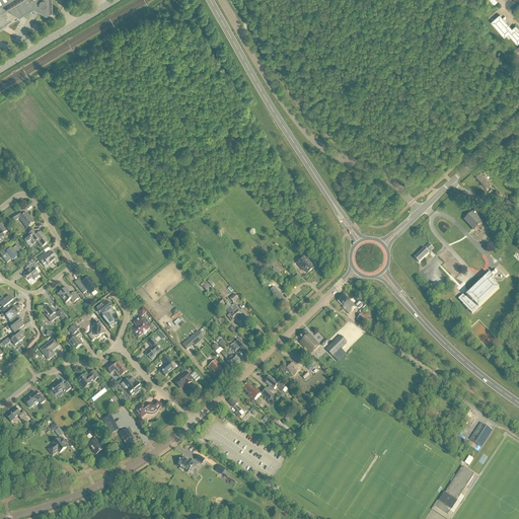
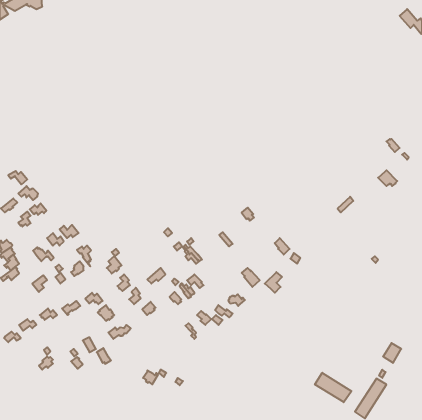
building: [457,267,499,311] -> none
building: none -> [315,373,351,402]

